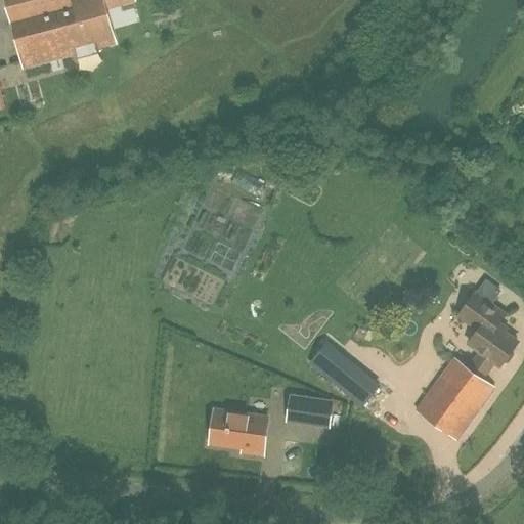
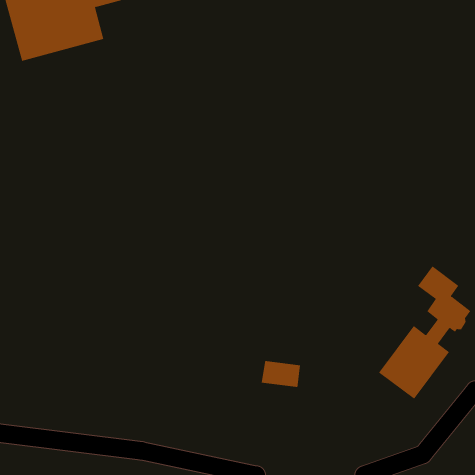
building: [311,340,384,408] -> none
building: [210,410,267,454] -> none

